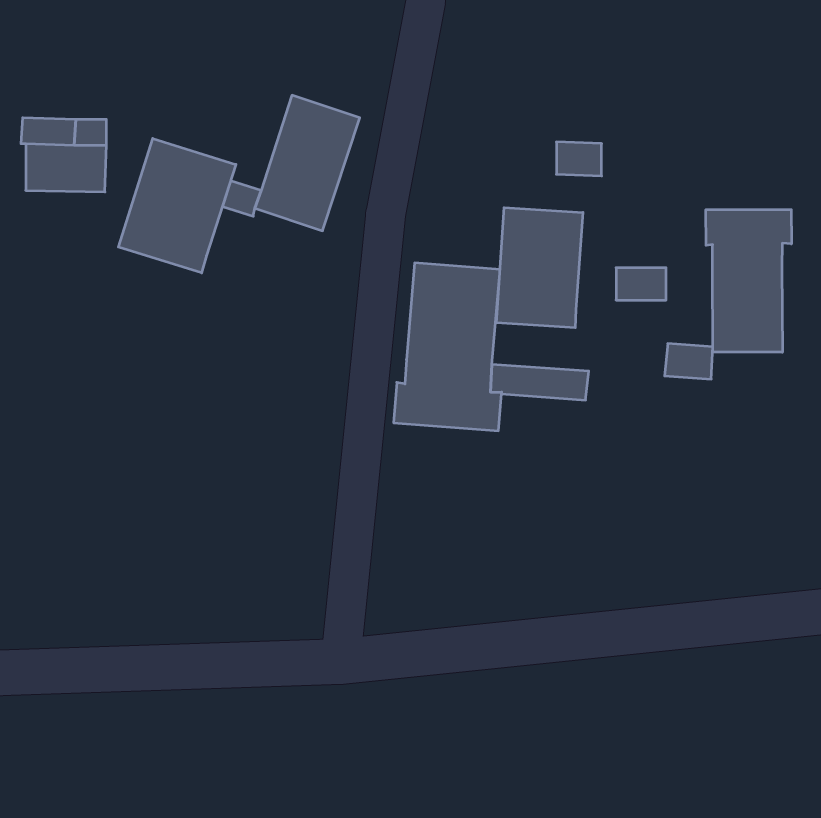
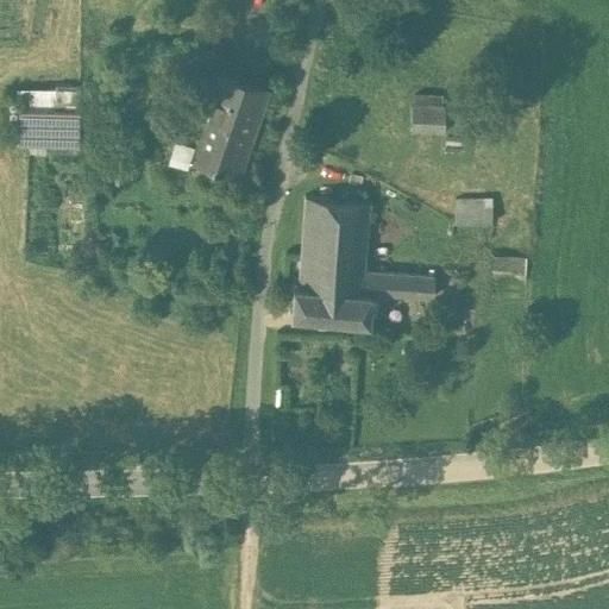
building: [118,138,236,273] -> none
building: [496,208,583,328] -> none
building: [706,210,792,352] -> none

